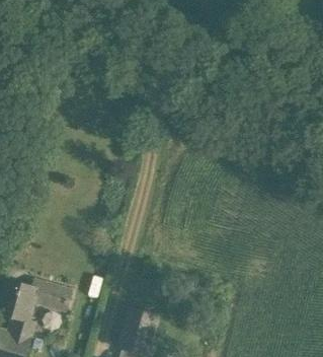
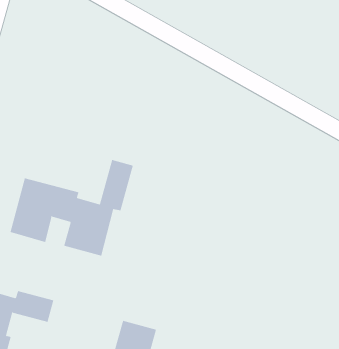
building: none -> [10,159,134,256]

